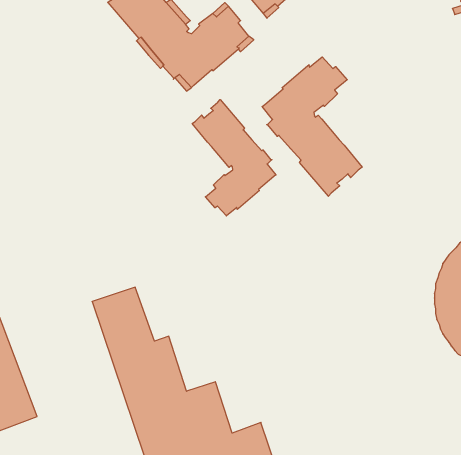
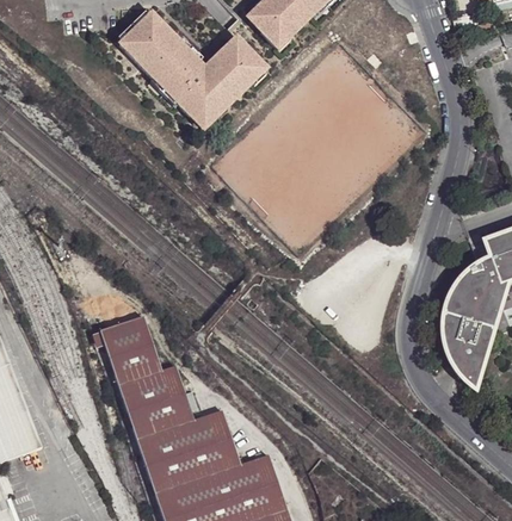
building: [262,57,362,196] -> none
building: [192,100,276,216] -> none

